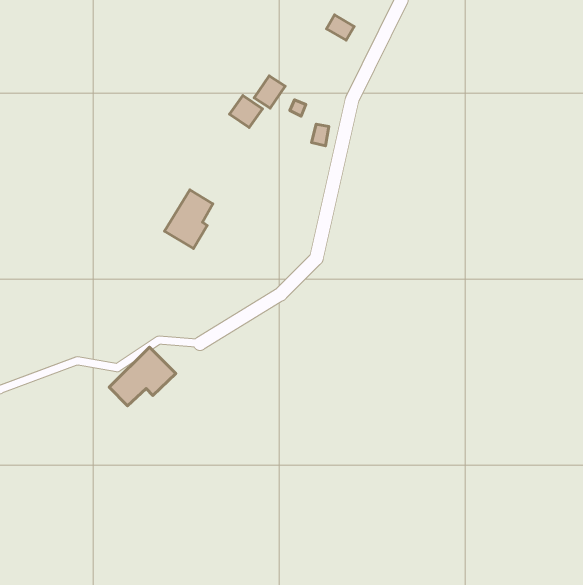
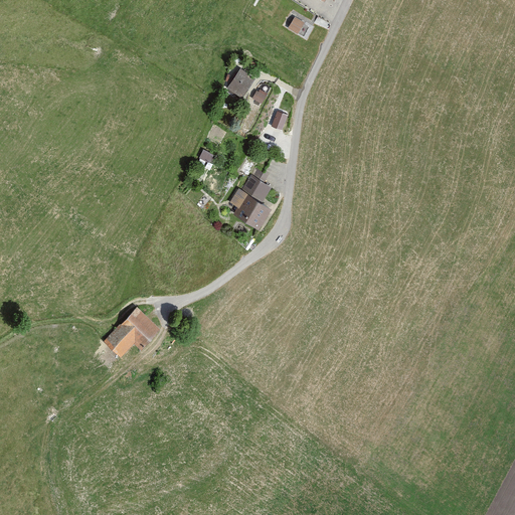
building: [229,95,262,128] -> none
building: [165,190,213,248] -> [230,176,273,227]

